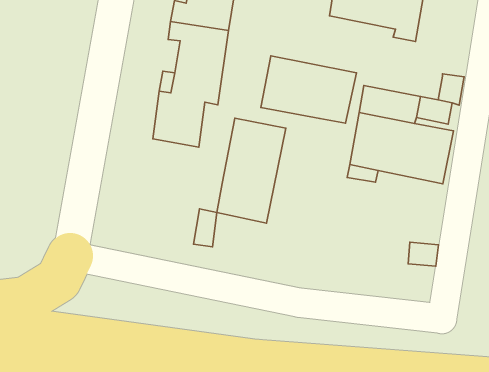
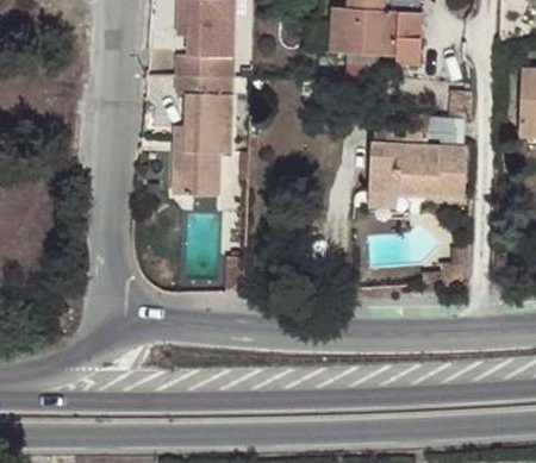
building: [261,56,356,123] -> none
building: [217,118,286,223] -> none

